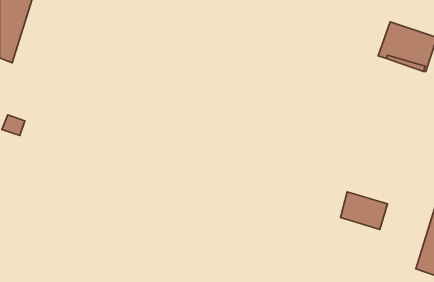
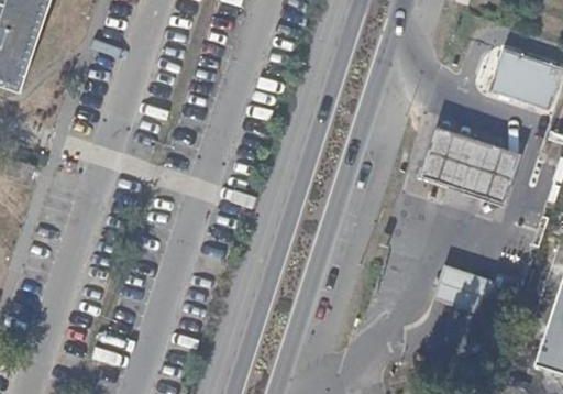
building: none -> [421,124,523,204]

